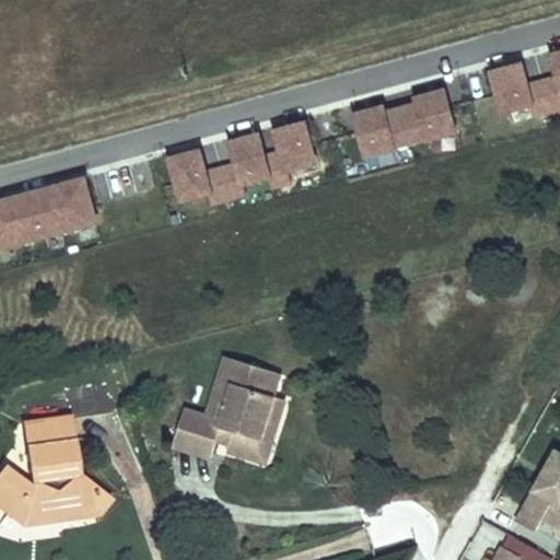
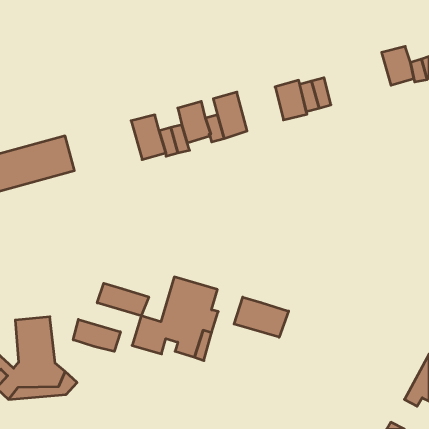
building: [417,88,457,131] -> none
building: none -> [97,283,149,316]
building: none -> [234,297,289,337]
building: none -> [73,319,120,351]

